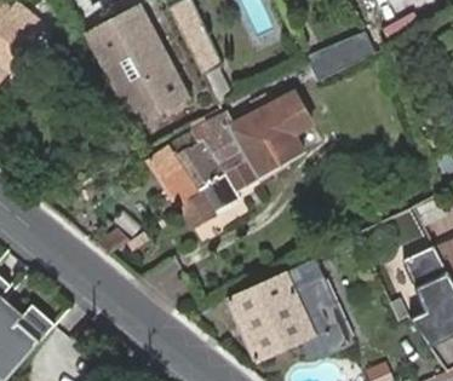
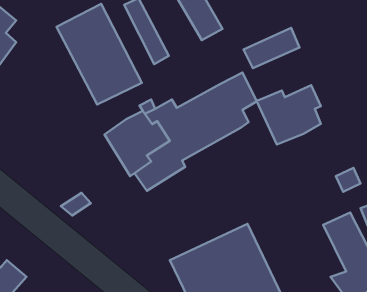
building: none -> [257,85,321,144]

